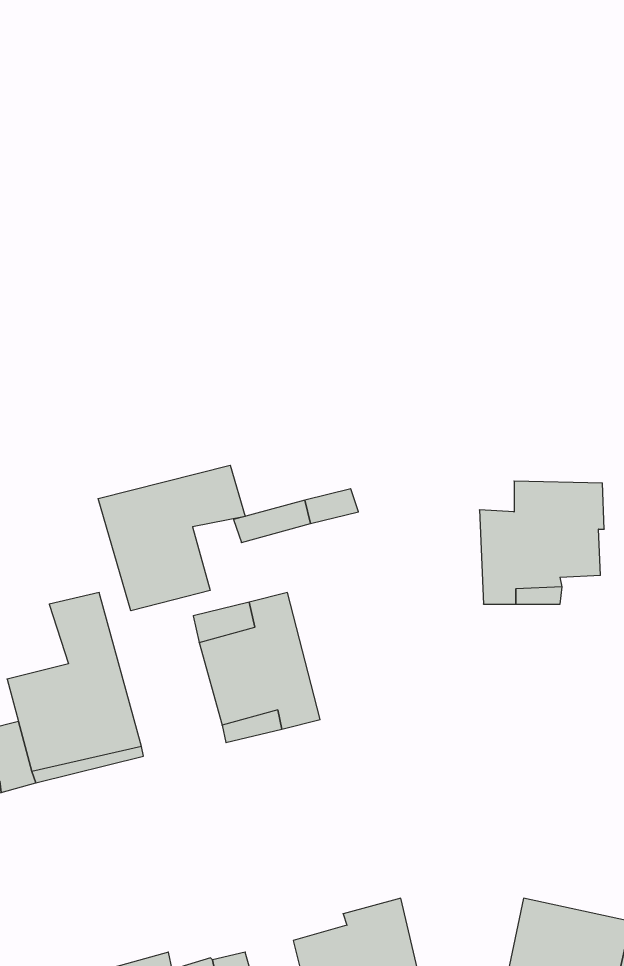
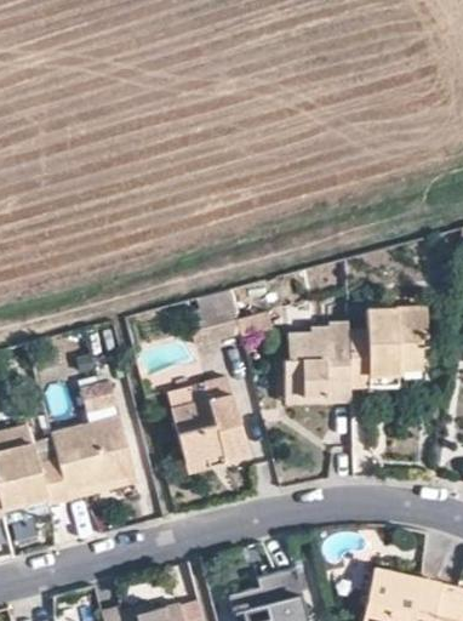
building: [98,465,245,611] -> none
building: none -> [282,320,350,401]

